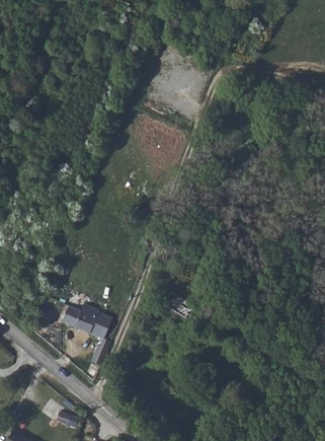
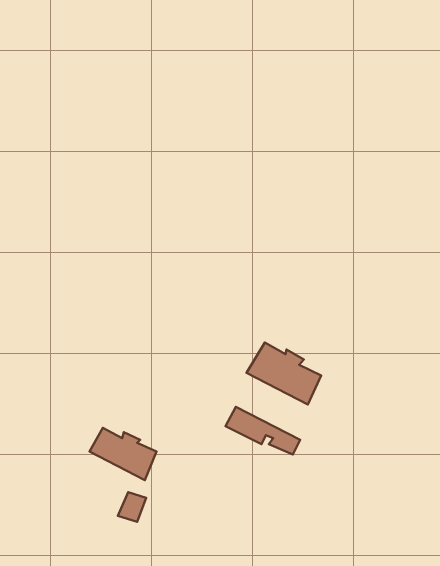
building: none -> [246,342,321,404]

